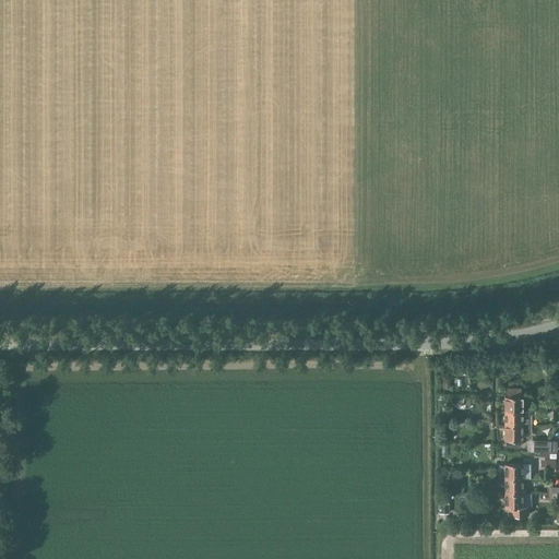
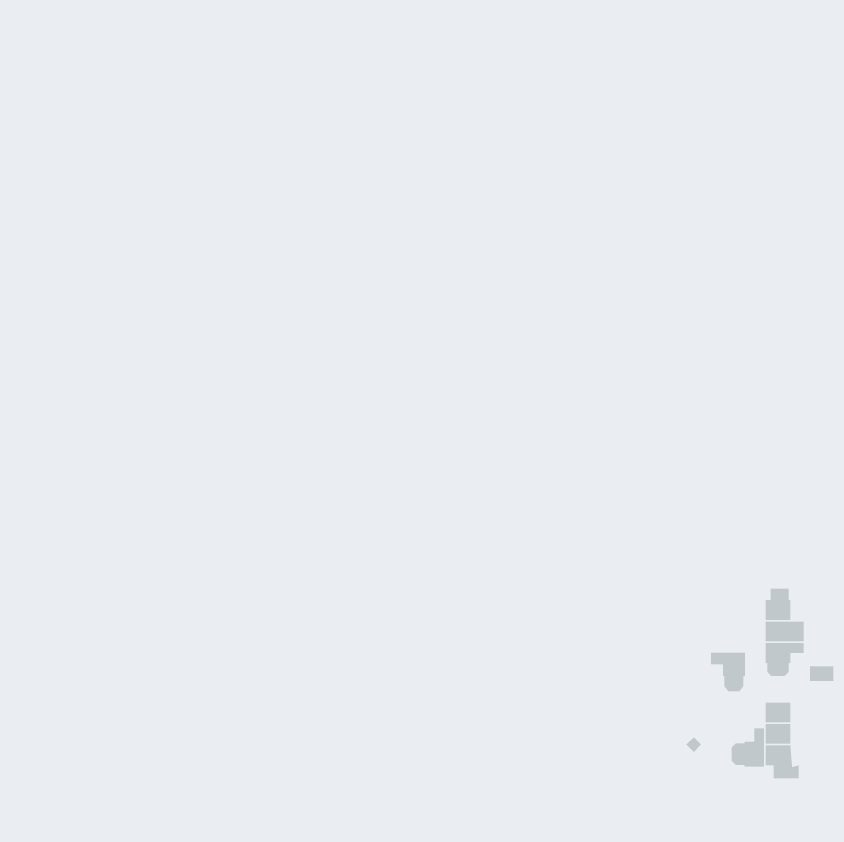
building: none -> [710,652,746,692]
building: none -> [731,728,765,768]

